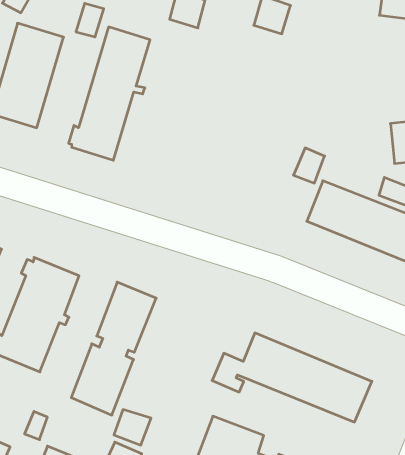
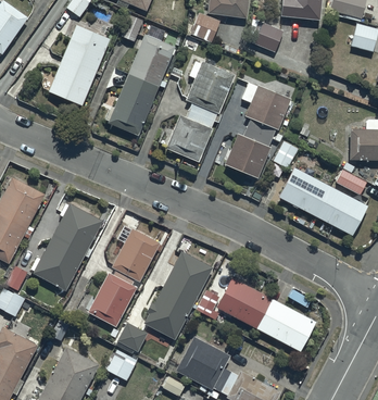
building: none -> [166,59,236,162]
building: none -> [224,86,290,179]
building: none -> [144,251,213,343]

